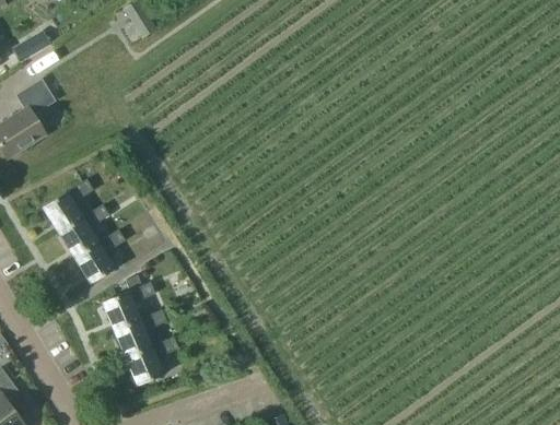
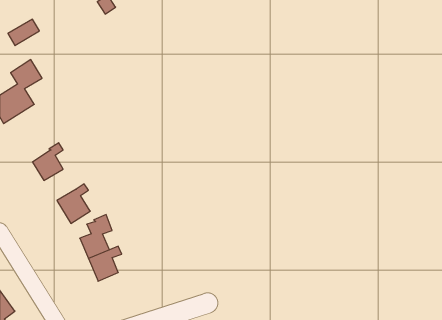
building: [57,209,97,256] -> none
building: [125,339,166,386] -> none

